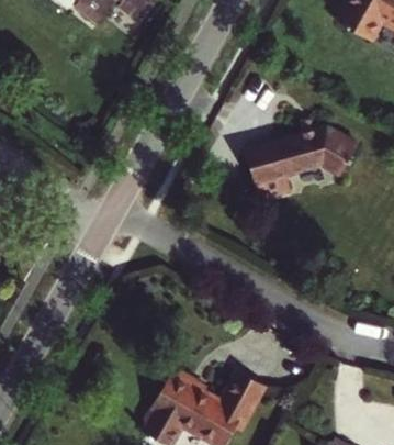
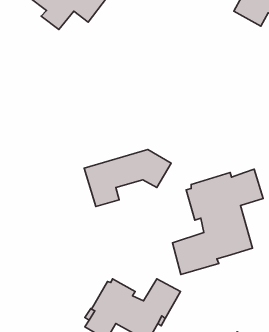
building: [244,125,358,200] -> [84,150,171,207]
building: none -> [173,169,263,274]

